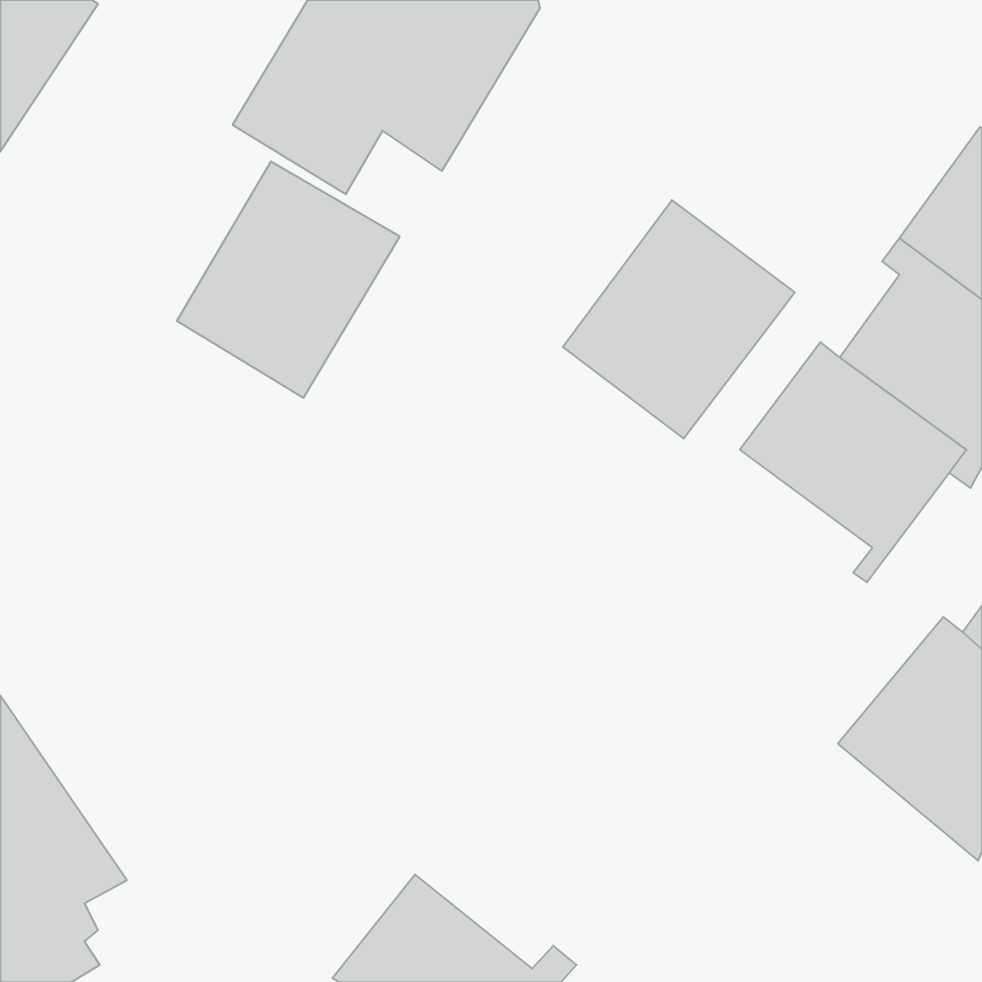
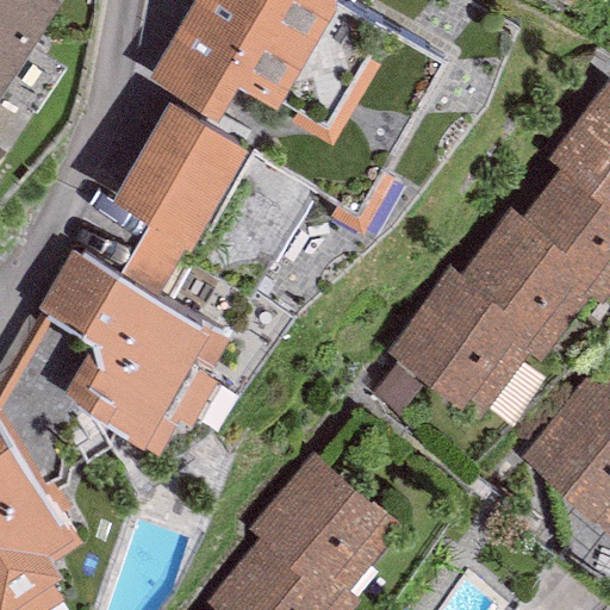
building: [563,200,795,439] -> none
building: none -> [35,250,210,444]
building: none -> [384,269,541,411]
building: none -> [247,452,398,600]

